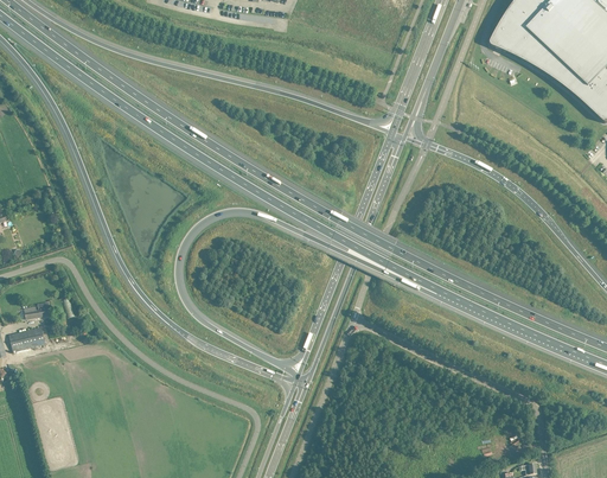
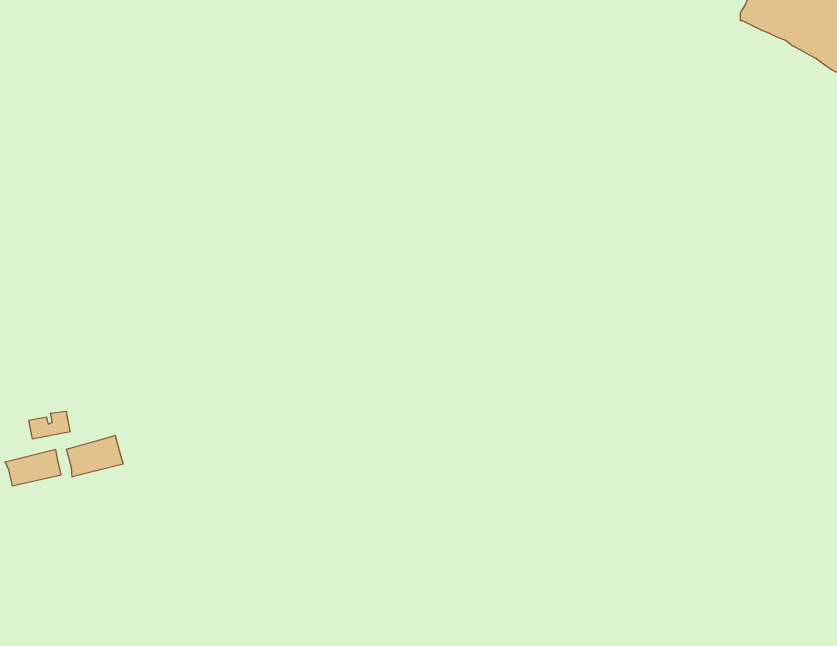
building: none -> [67,435,123,477]

